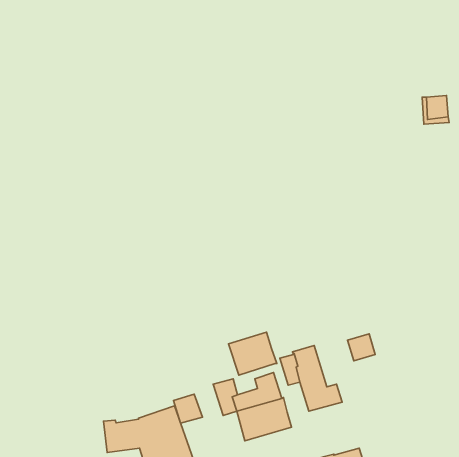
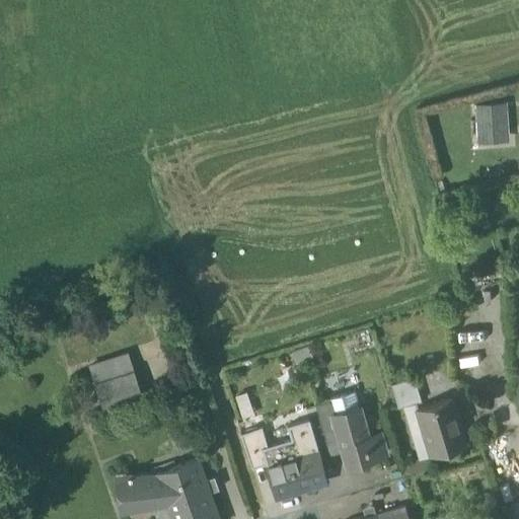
building: none -> [90,357,143,413]
building: [229,332,277,375] -> none
building: none -> [419,400,466,457]
building: [174,394,203,423] -> none

